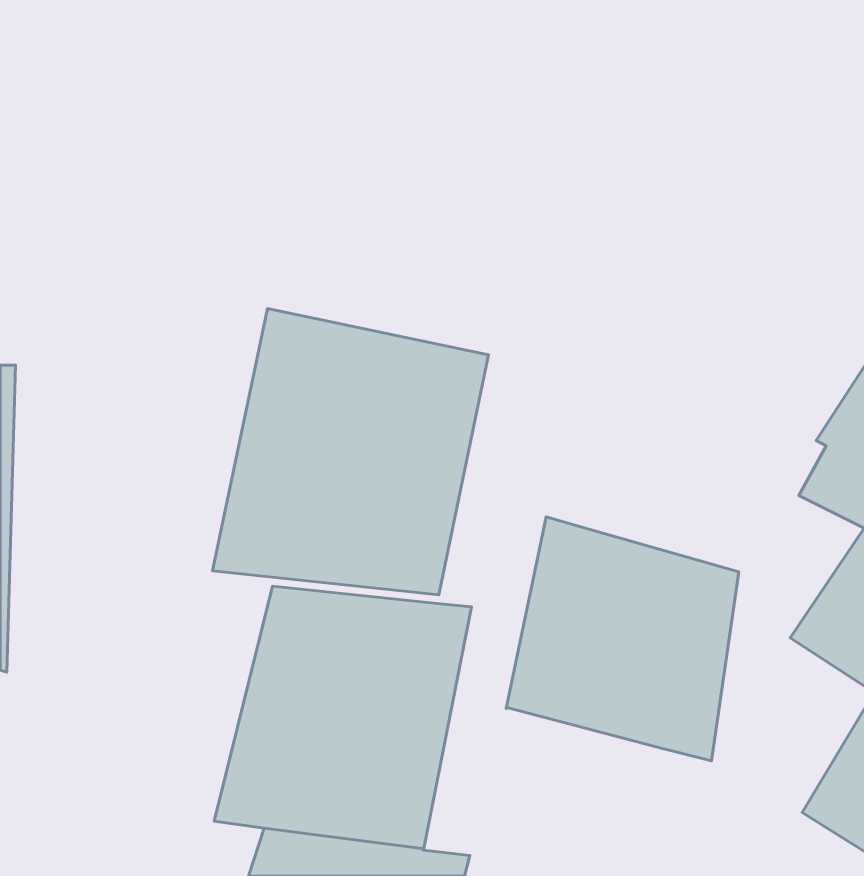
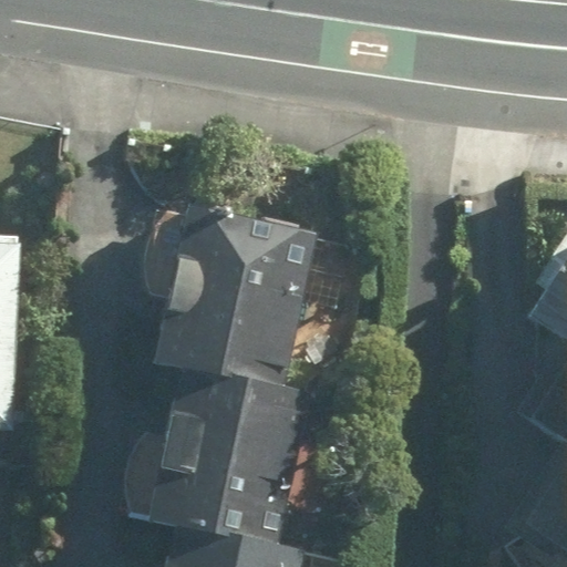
building: [506,517,739,761] -> none

